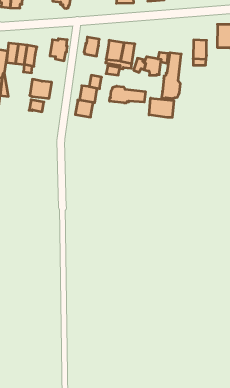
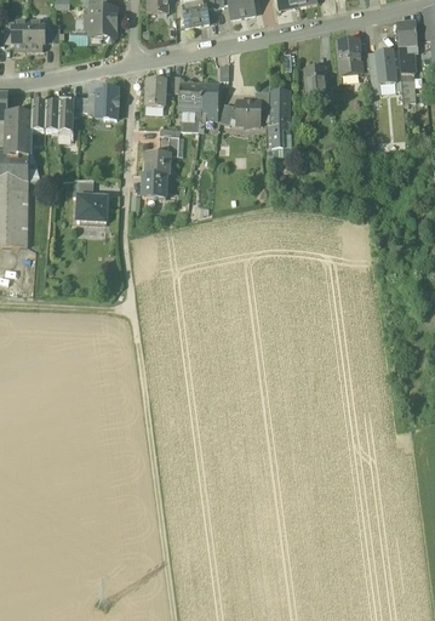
building: [30,79,52,98] -> [76,195,107,221]
building: [110,86,145,103] -> none
building: [149,98,174,117] -> none

